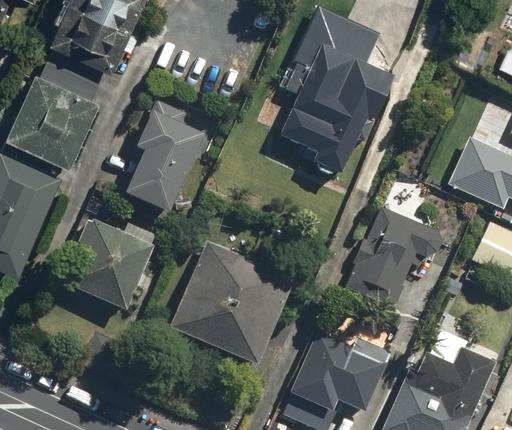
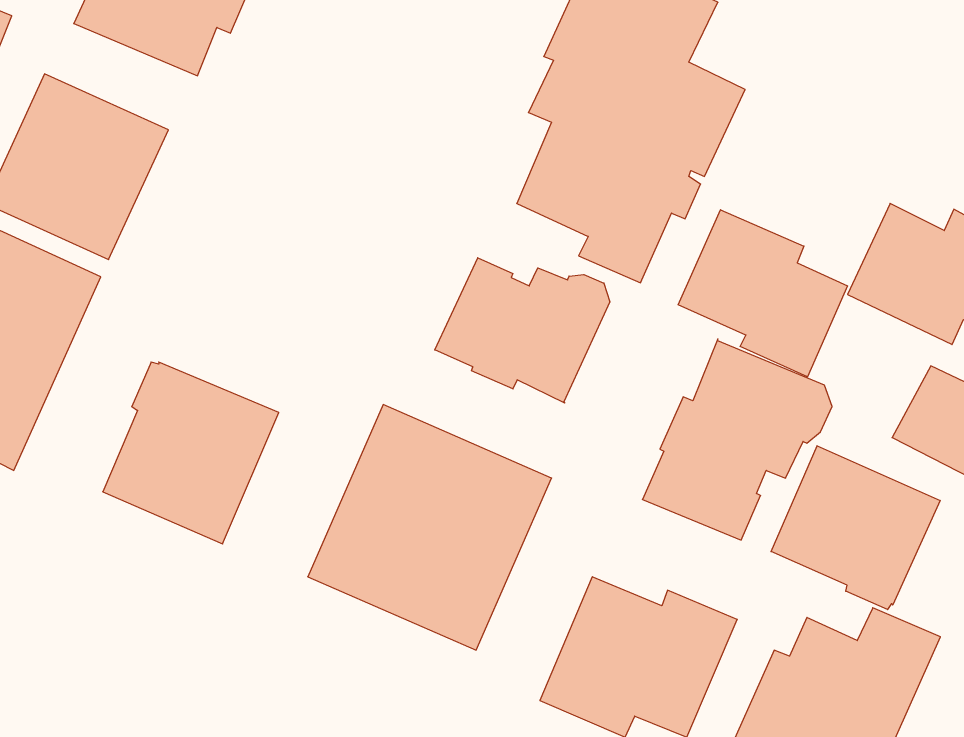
building: [123,98,205,214] -> none
building: none -> [678,210,848,377]
building: none -> [435,258,610,403]
building: none -> [771,446,940,610]

